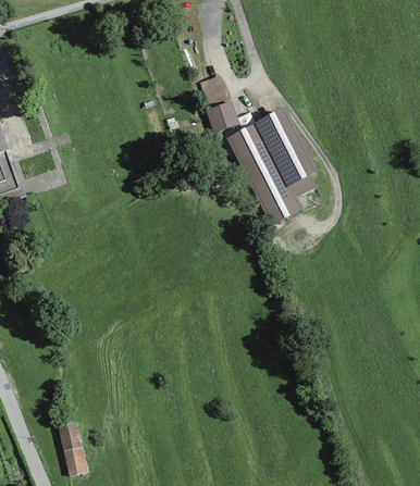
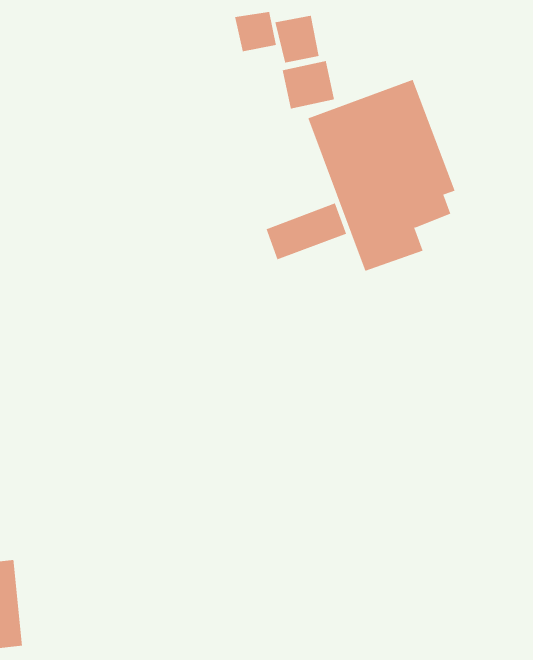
building: none -> [235,11,276,52]
building: none -> [266,203,347,260]

